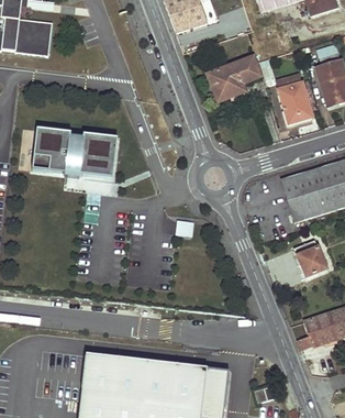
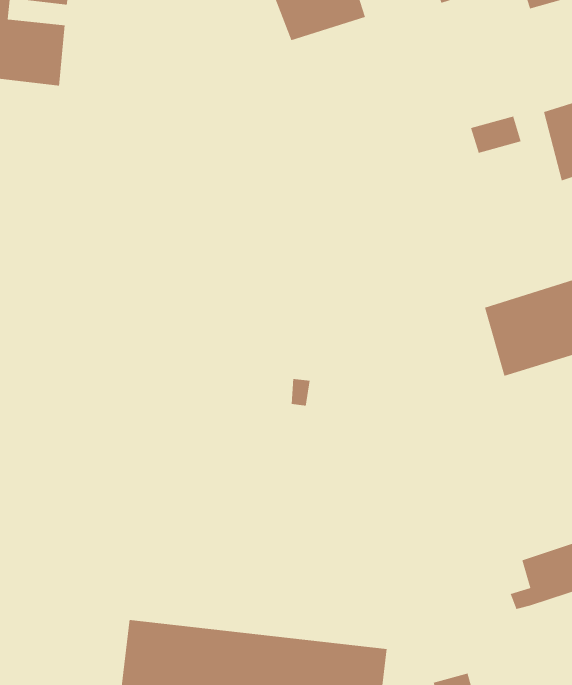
building: [208,55,260,102] -> none
building: [280,88,311,119] -> none
building: [31,130,116,179] -> none
building: [293,238,327,275] -> none

